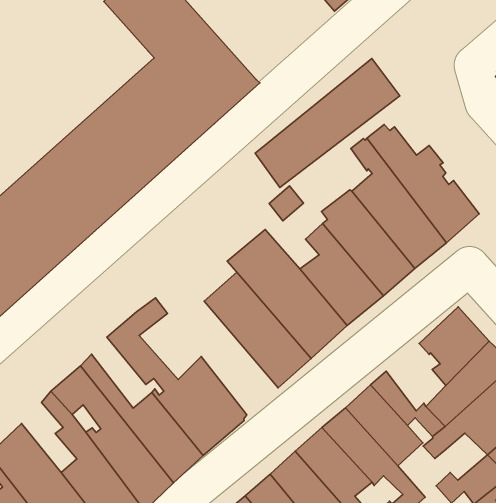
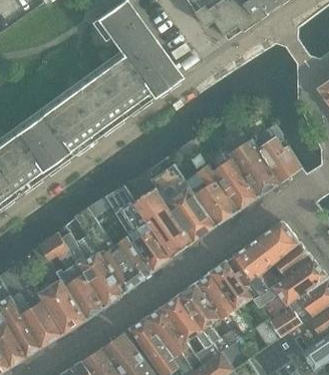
building: [255,58,400,187] -> none
building: none -> [106,185,173,271]
building: none -> [237,240,271,279]

